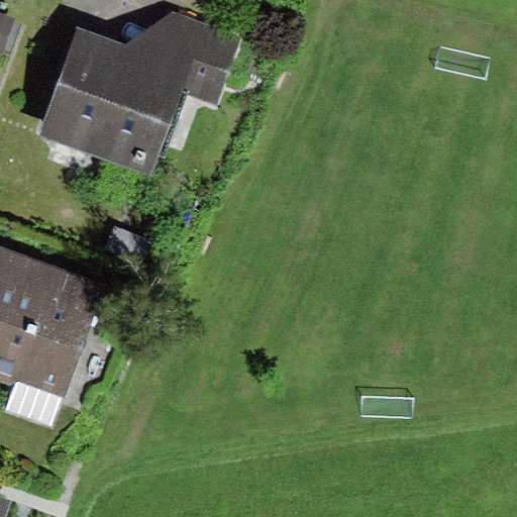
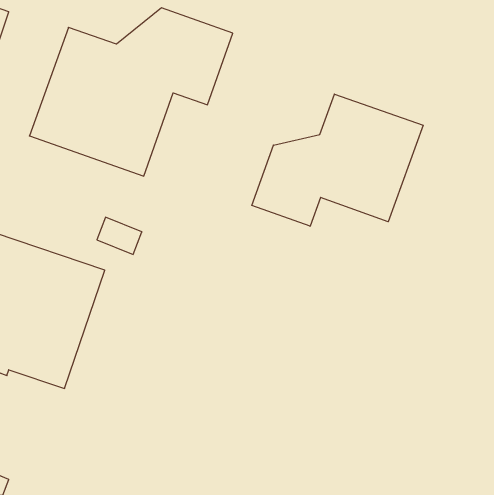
building: none -> [252,94,423,226]

